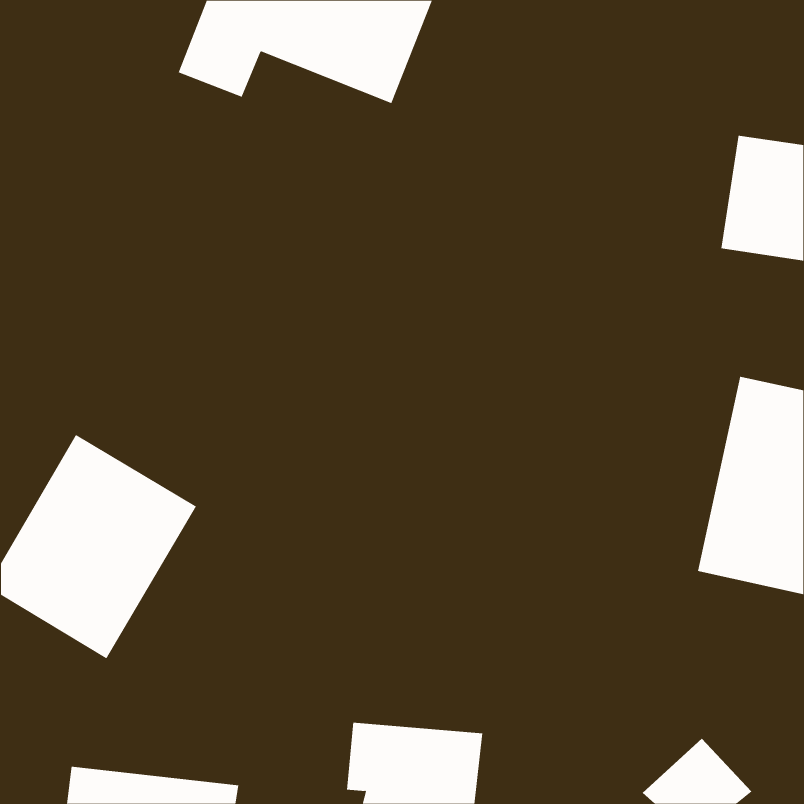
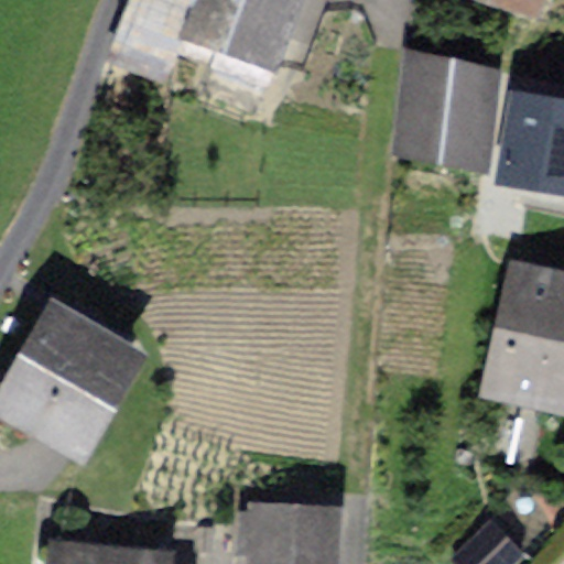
building: none -> [401,61,496,158]

